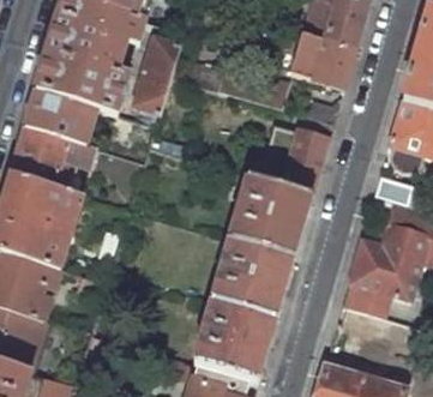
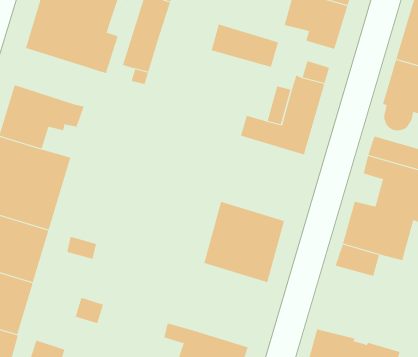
building: [24,89,96,144] -> none
building: [228,174,311,259] -> none
building: [192,301,275,384] -> none

